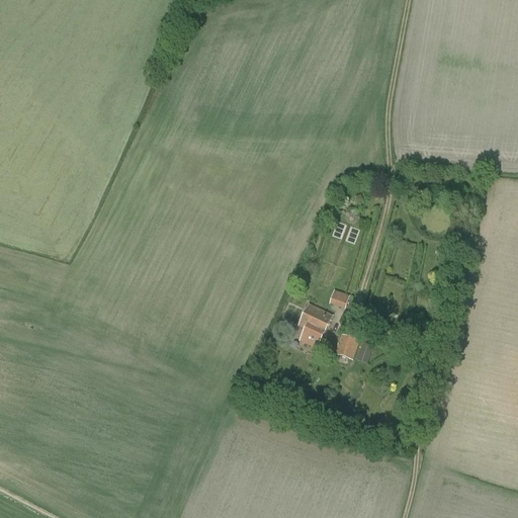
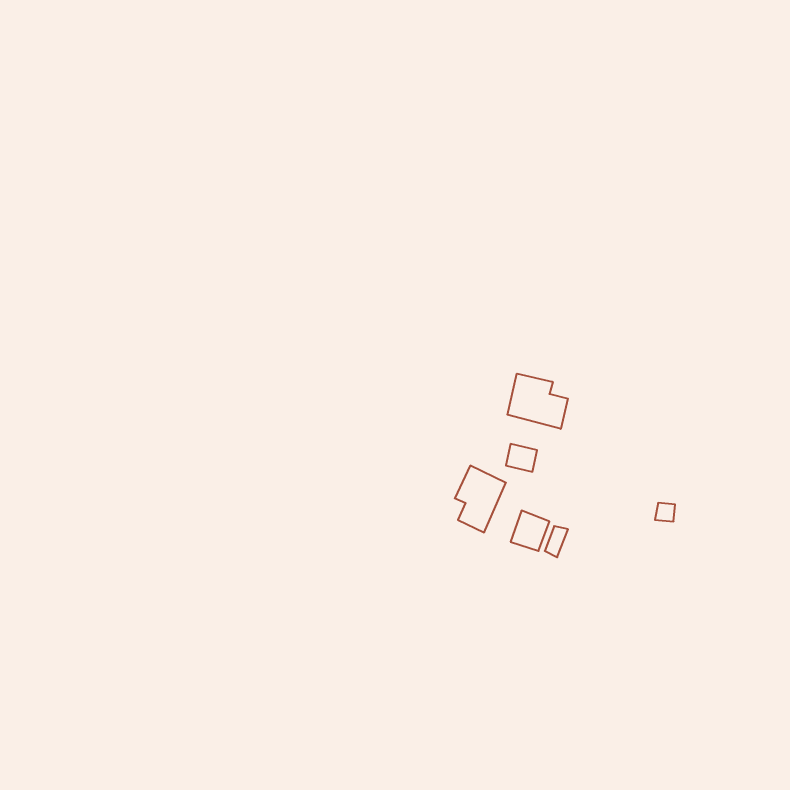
building: none -> [507,374,568,429]

